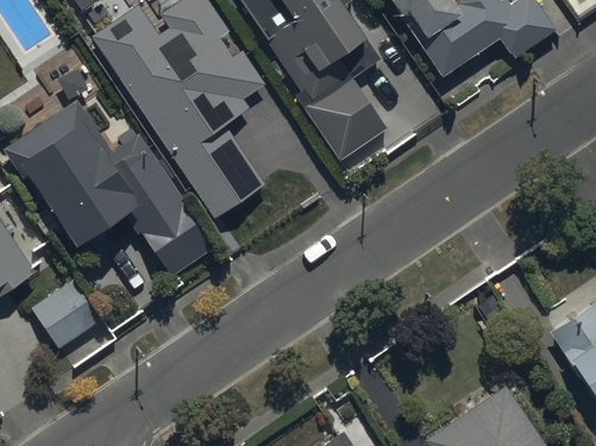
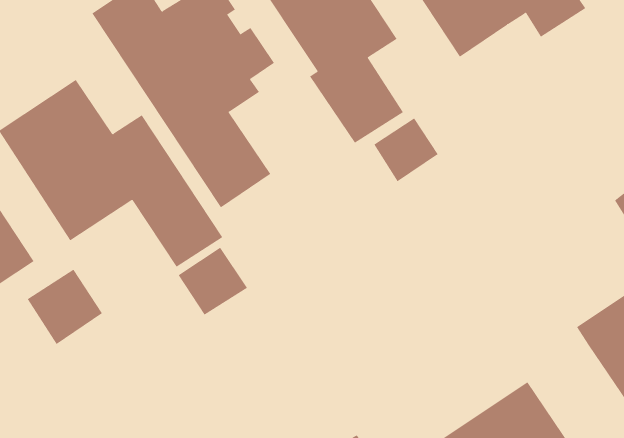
building: none -> [374,118,439,182]
building: none -> [178,247,248,315]

